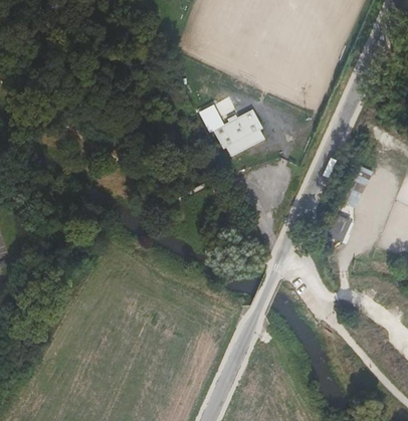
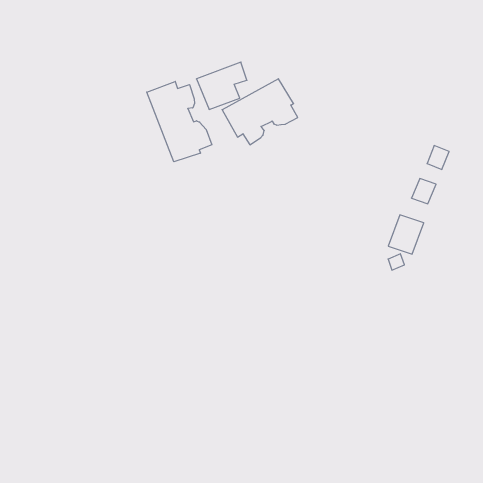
building: none -> [147,81,212,162]

